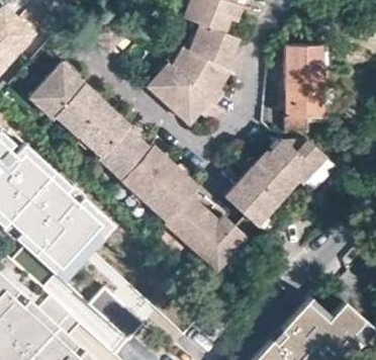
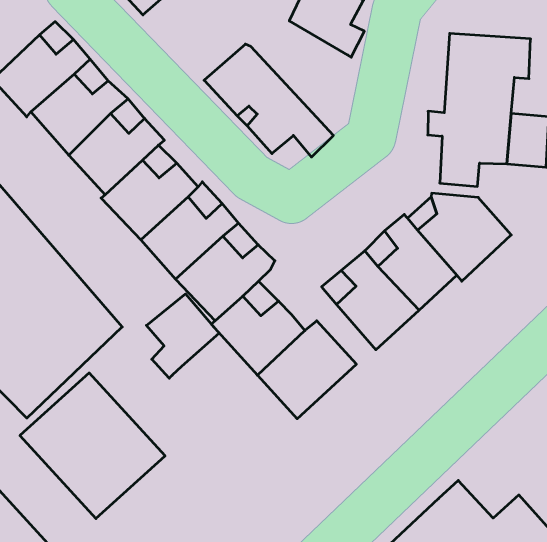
building: [172,47,226,101] -> none
building: none -> [146,294,219,378]

